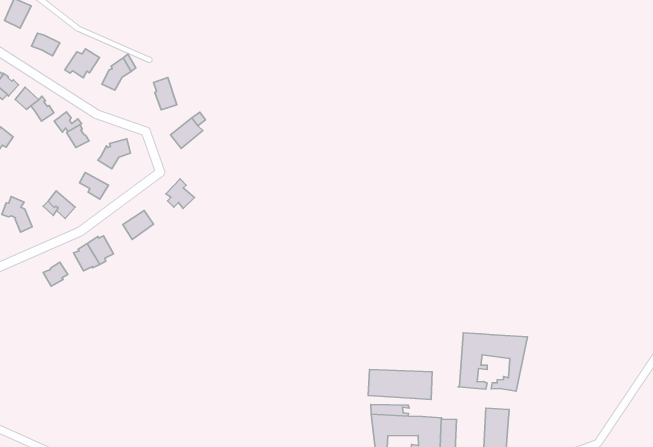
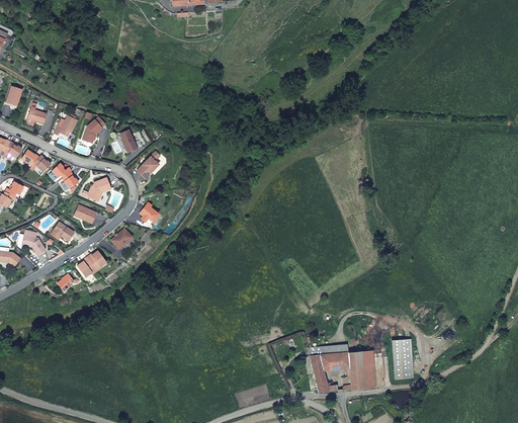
building: [458,333,527,391] -> none
building: [368,370,432,399] -> none

